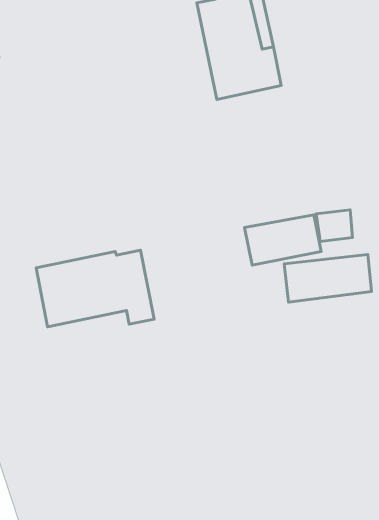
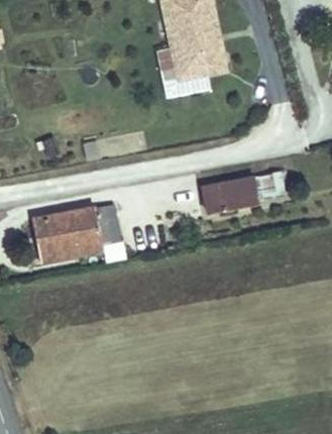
building: [284,255,372,302] -> none

